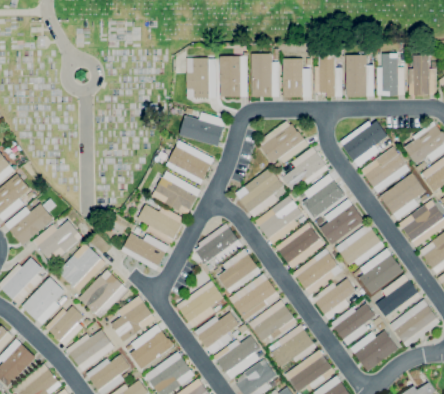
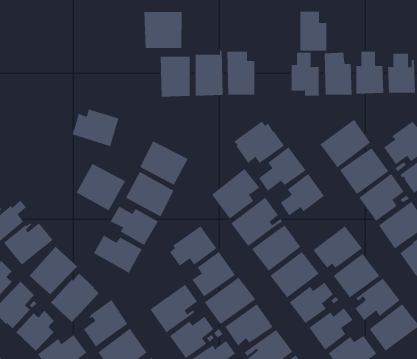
building: none -> [144,11,182,49]
building: [283,58,310,97] -> [299,11,327,51]
building: [180,111,226,148] -> [72,109,119,147]
building: none -> [76,163,126,211]
building: [320,199,364,244] -> none

